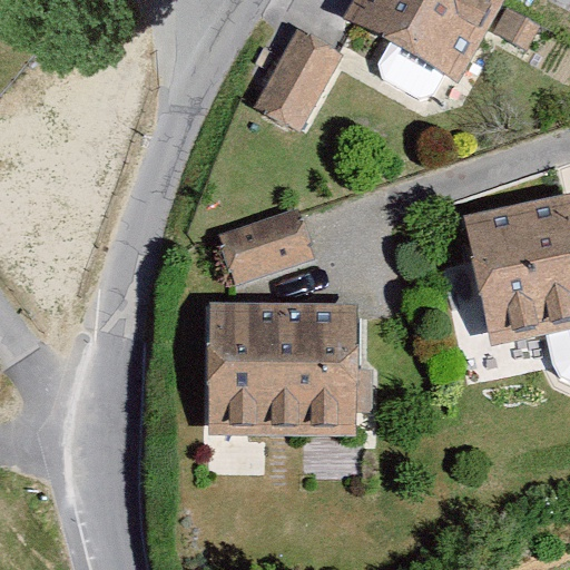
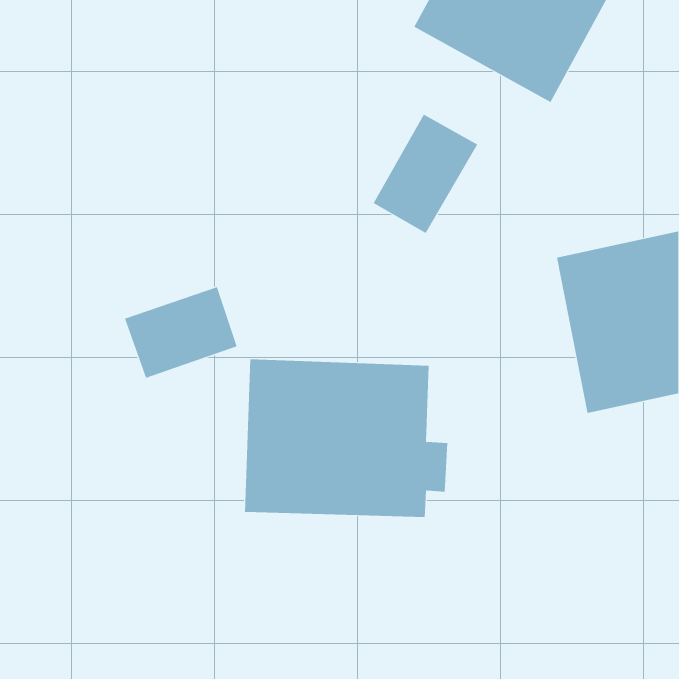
building: [257,47,345,147] -> [373,114,478,234]
building: [217,207,312,284] -> [124,287,238,379]

